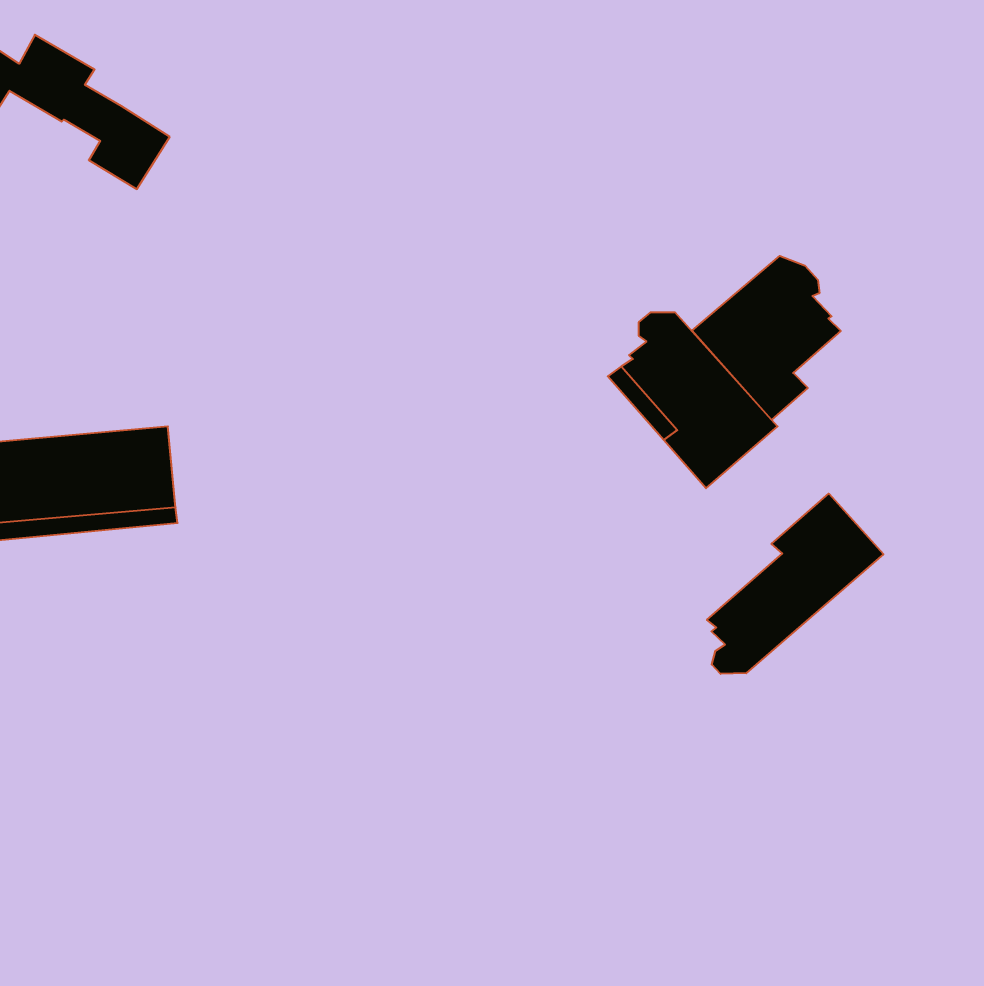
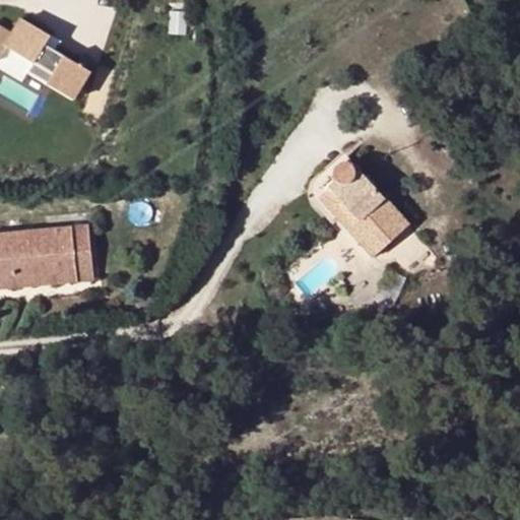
building: [692,256,841,420] -> none
building: [707,494,883,674] -> none

